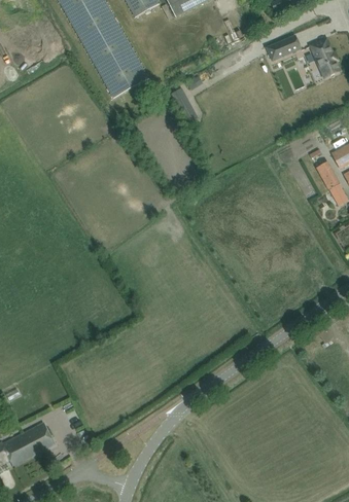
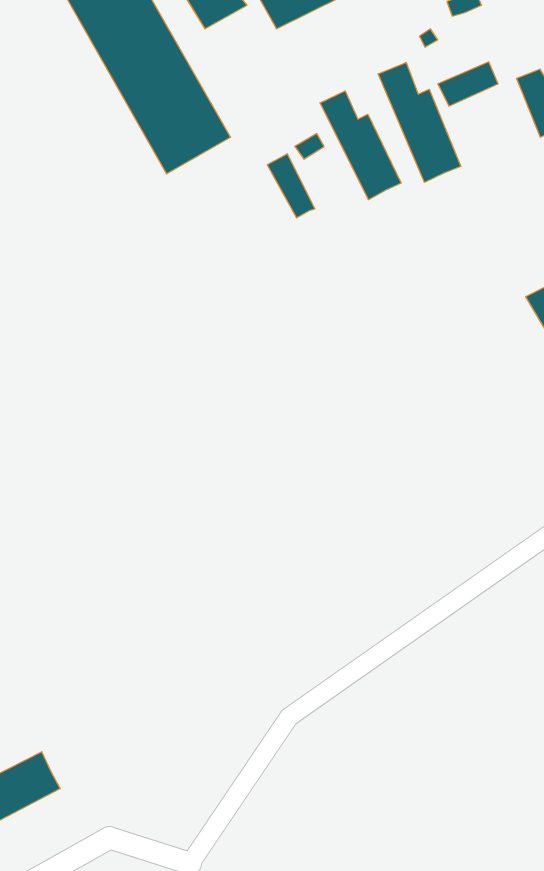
building: none -> [378,62,461,182]
building: none -> [320,91,401,200]

